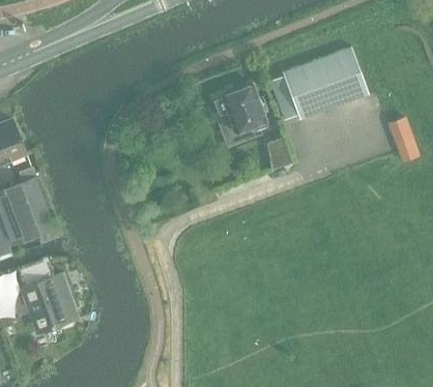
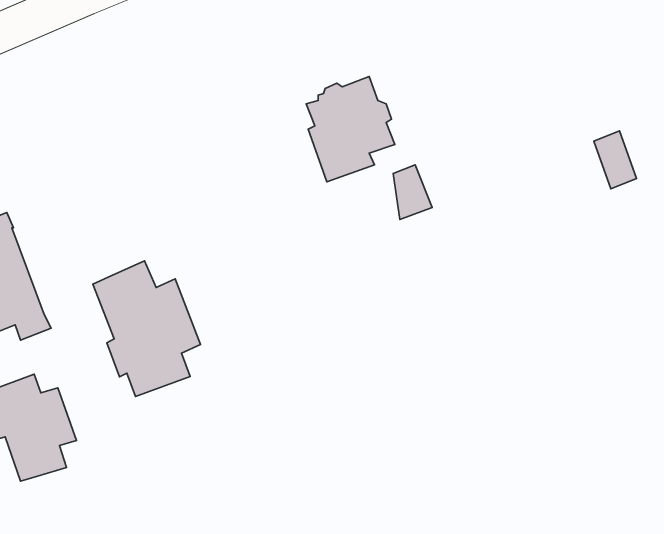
building: [268,47,368,119] -> none
building: none -> [93,261,201,397]

